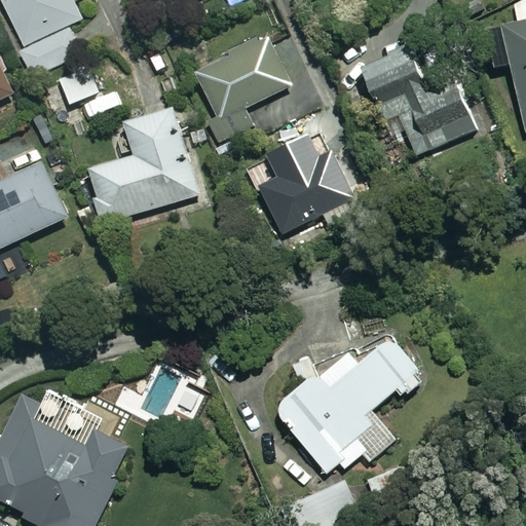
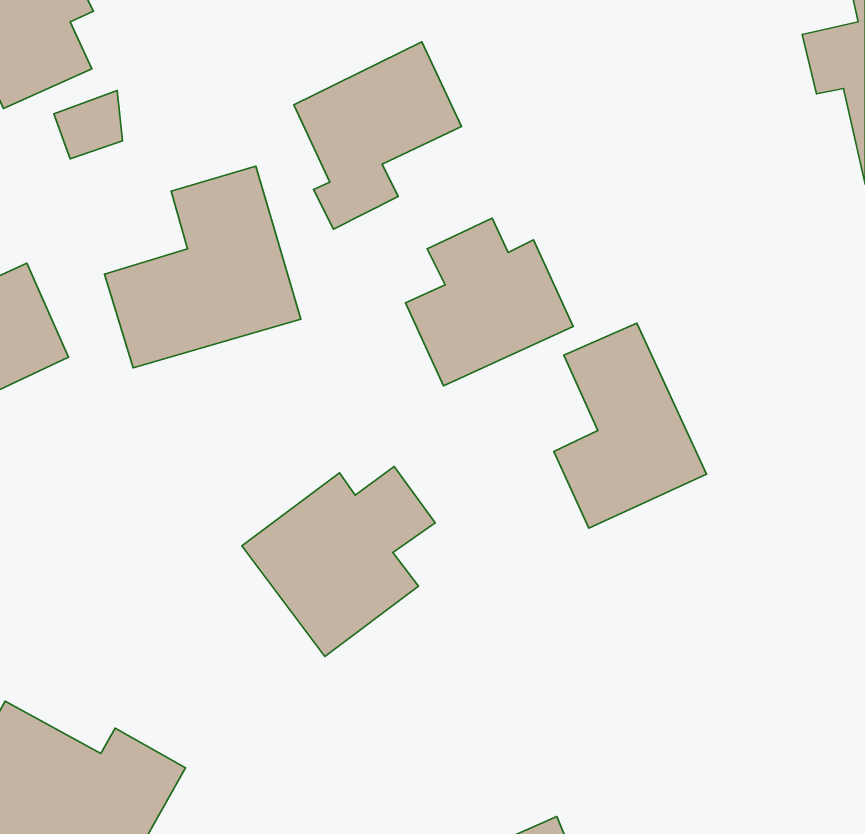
building: [362,36,475,154] -> none
building: none -> [554,323,706,528]
building: none -> [242,467,435,657]
building: [273,333,423,473] -> none

